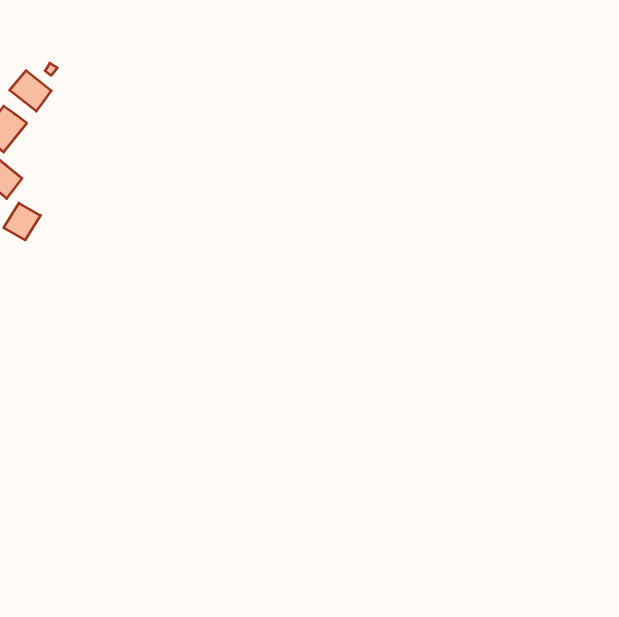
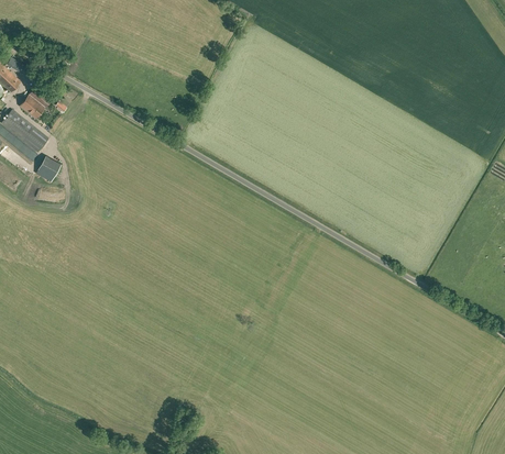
building: [10,71,51,111] -> none

